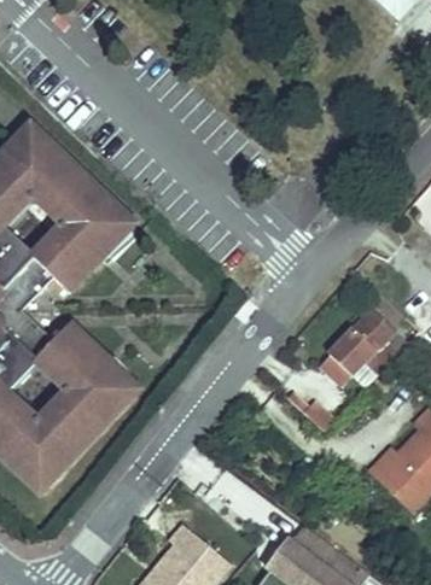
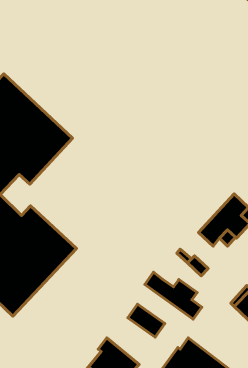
building: none -> [145,272,202,319]

